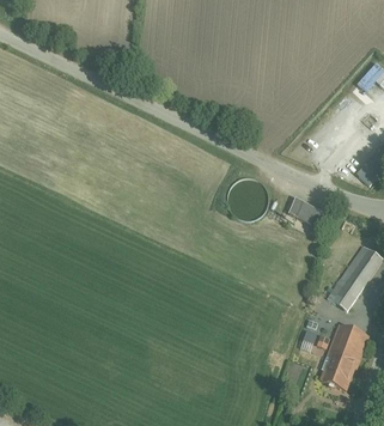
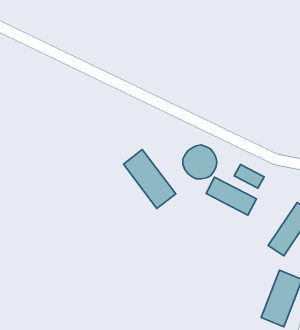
building: none -> [123,150,176,209]
building: none -> [206,177,257,215]

